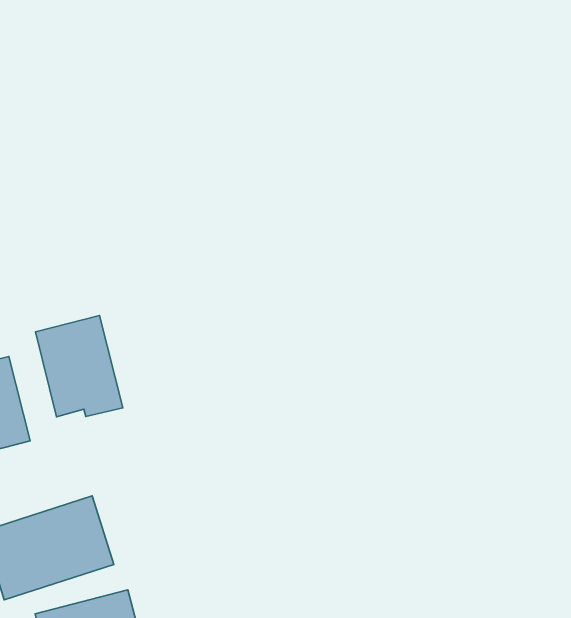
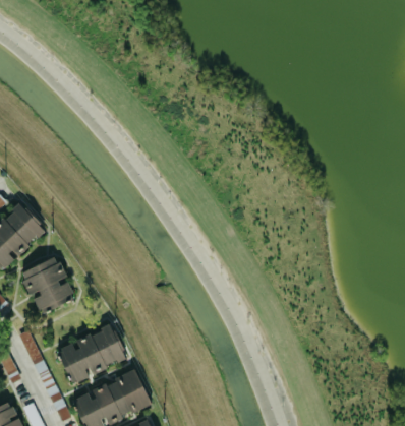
building: [35,315,123,417] -> none

